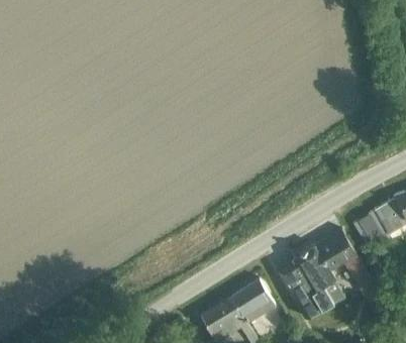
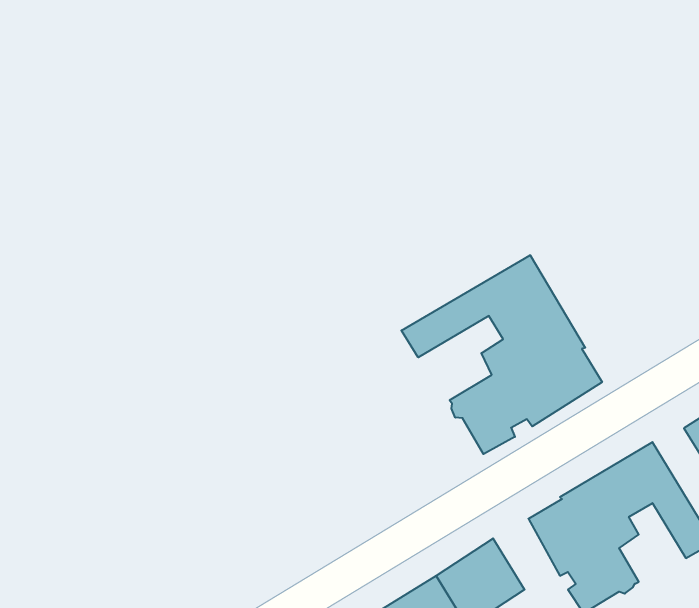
building: none -> [401,255,602,454]

